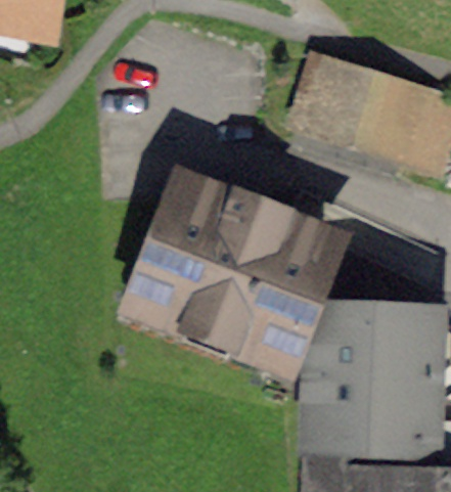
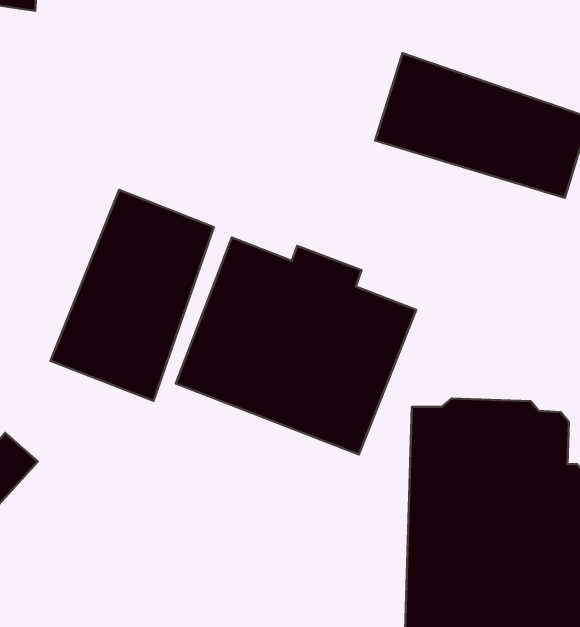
building: none -> [50,190,214,401]

